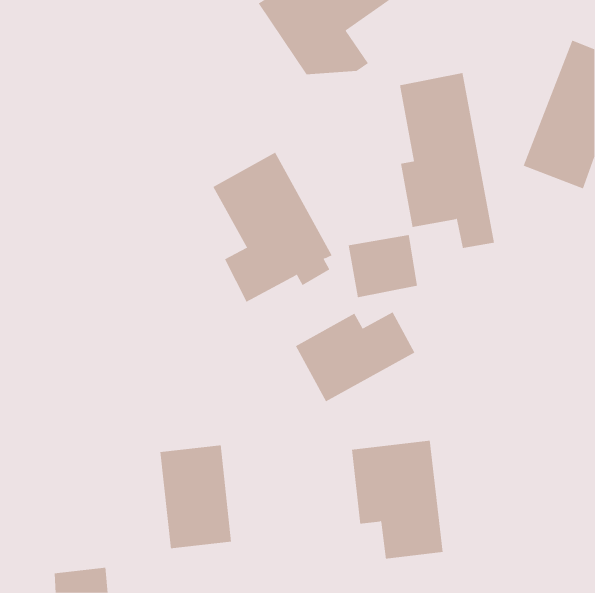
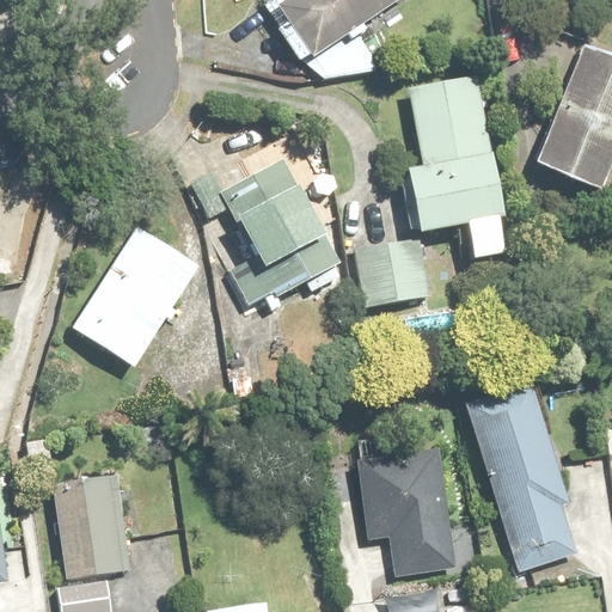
building: none -> [75,225,198,365]
building: [295,312,415,402] -> none
building: none -> [465,384,576,570]
building: [160,445,232,549] -> [51,472,126,579]

